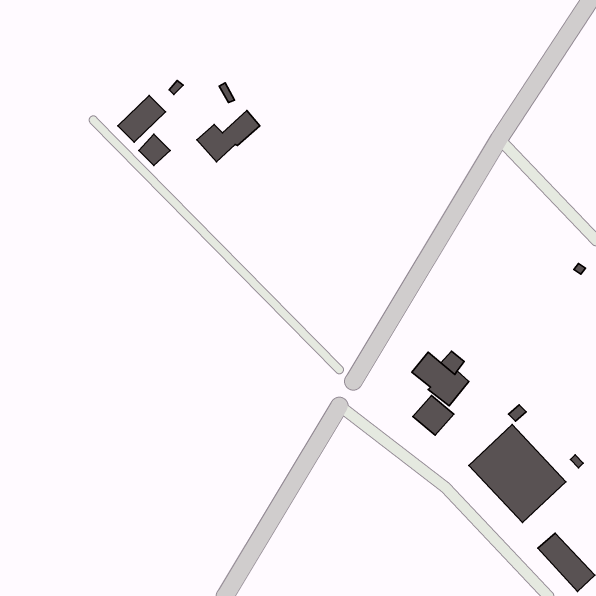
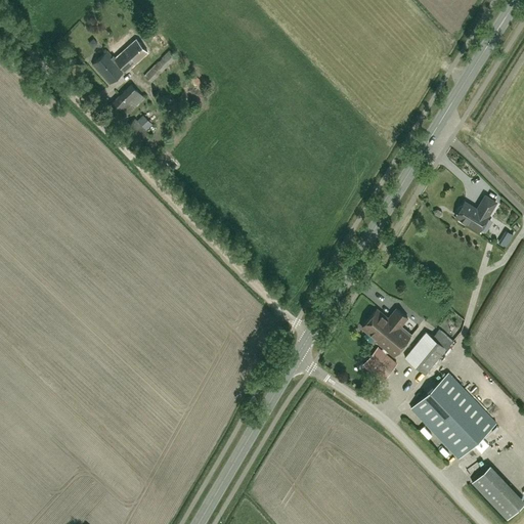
building: [197,111,260,162] -> [92,39,147,84]
building: none -> [456,195,495,231]
building: none -> [404,329,453,375]

